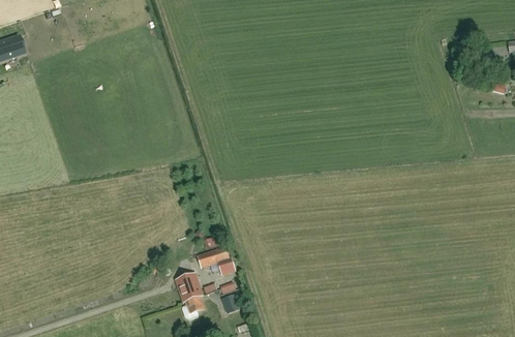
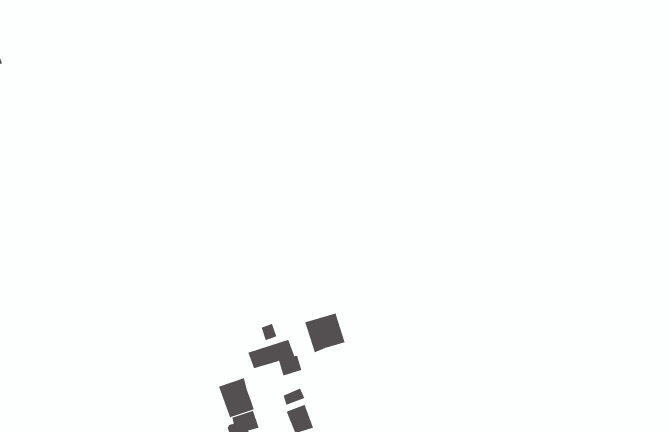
building: none -> [304,313,346,353]

